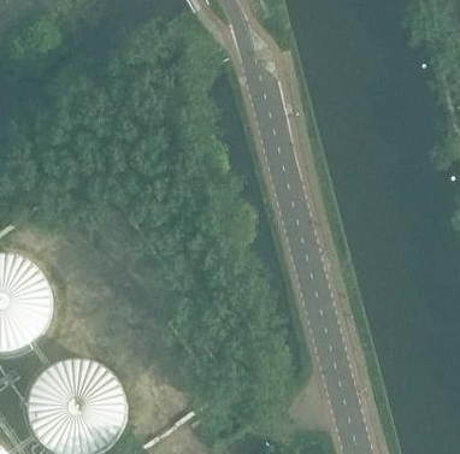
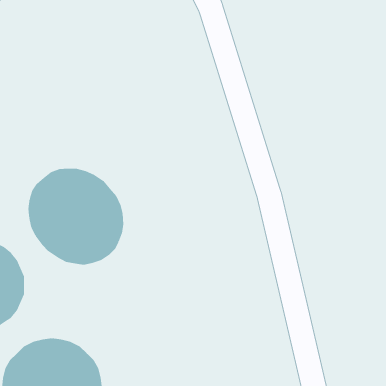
building: none -> [28,168,124,265]

